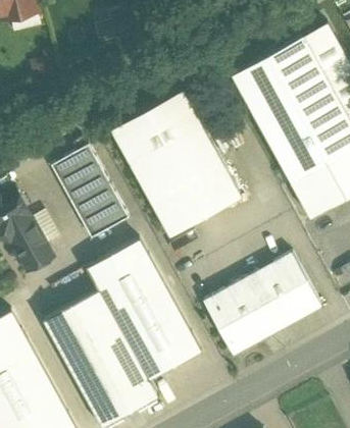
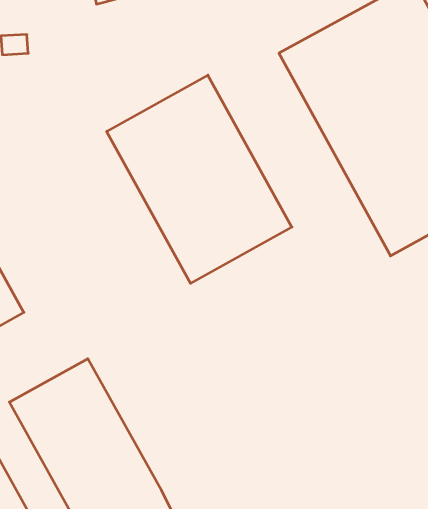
building: [51,145,129,238] -> none
building: [88,243,200,382] -> none
building: [203,253,322,357] -> none

